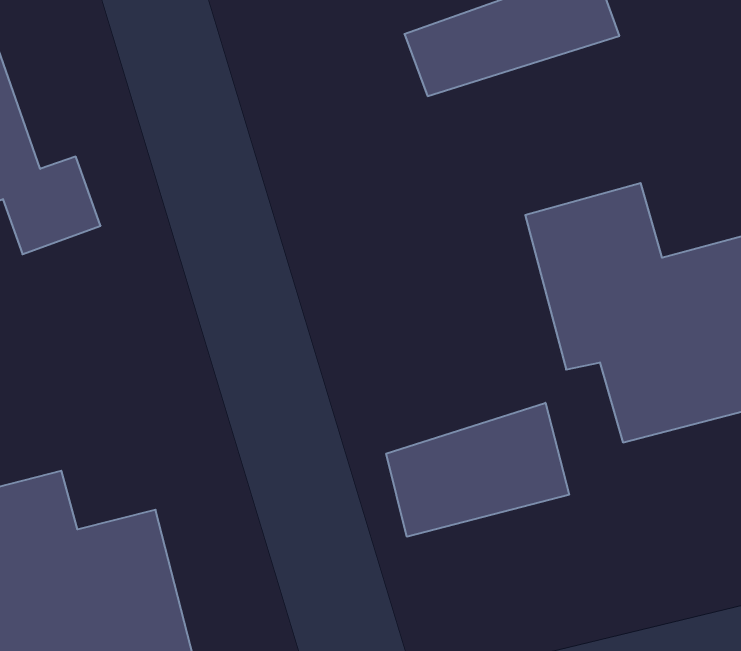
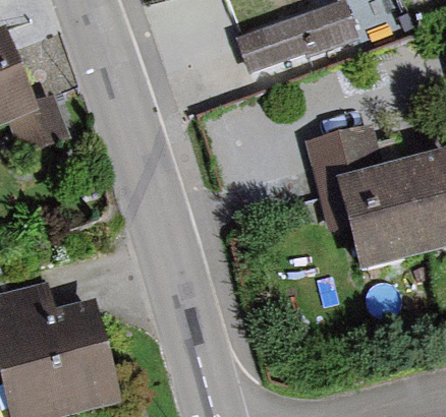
building: [386,403,569,537] -> none

